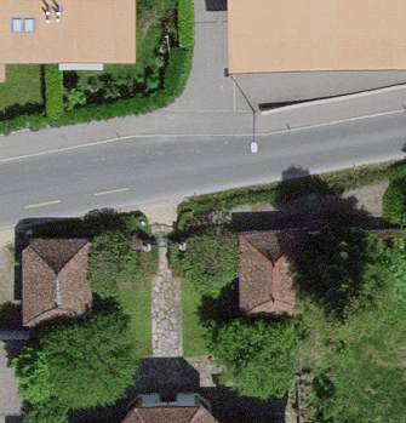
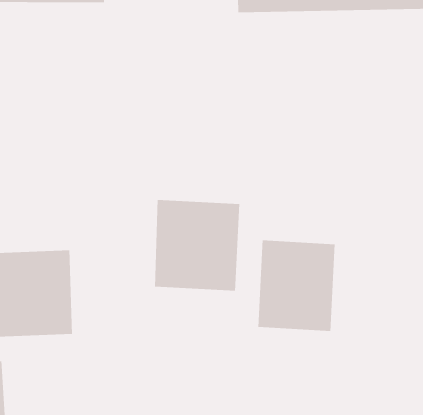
building: none -> [154,199,240,291]

